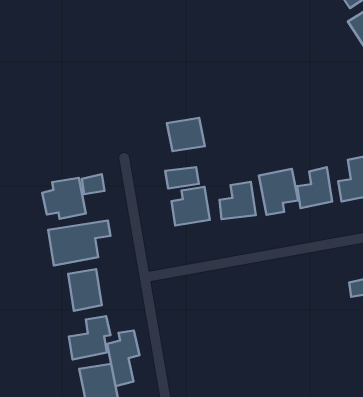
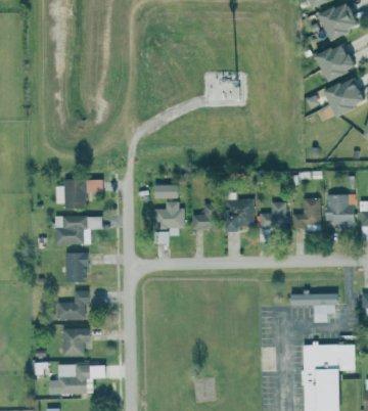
building: [167,118,205,151] -> none
building: [107,330,139,386] -> none

